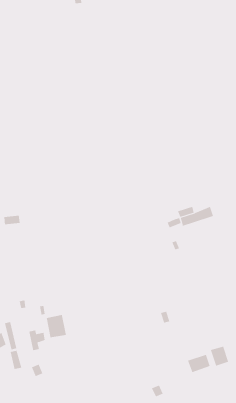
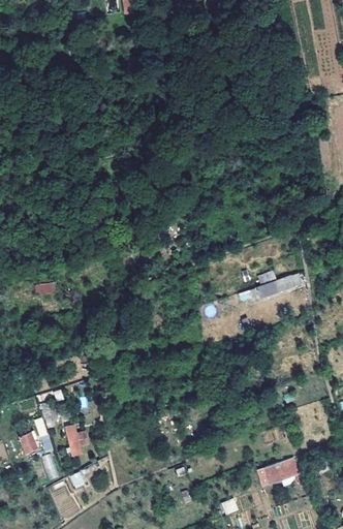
building: [46,314,67,338] -> none
building: [210,346,229,366] -> none

